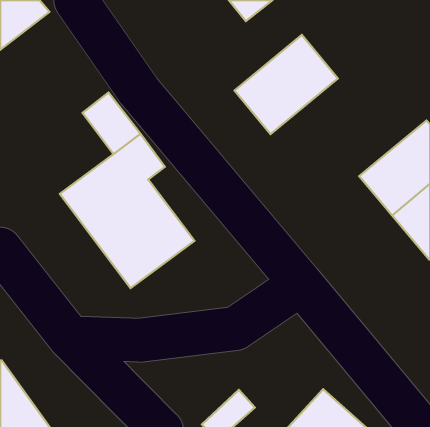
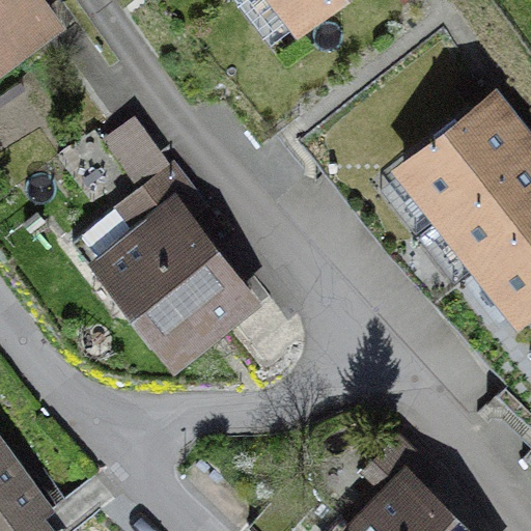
building: [234,35,338,134] -> [398,99,526,221]

